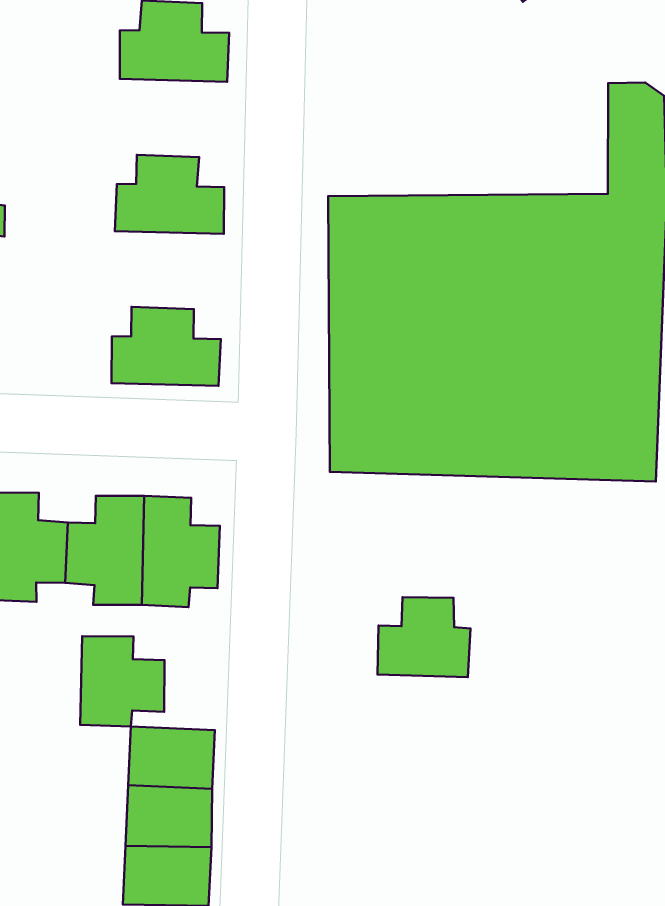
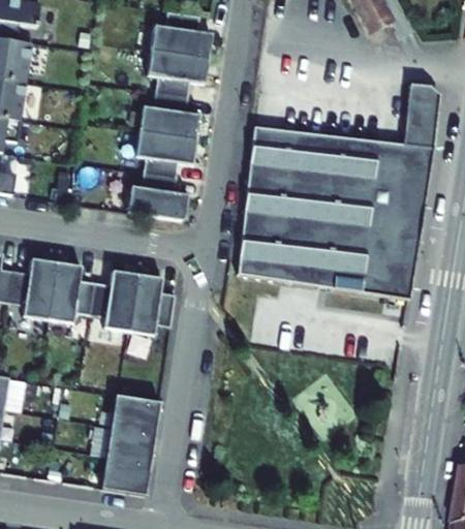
building: none -> [146,50,207,96]
building: none -> [134,130,195,177]
building: [378,597,470,677] -> none
building: [80,636,165,727] -> none

